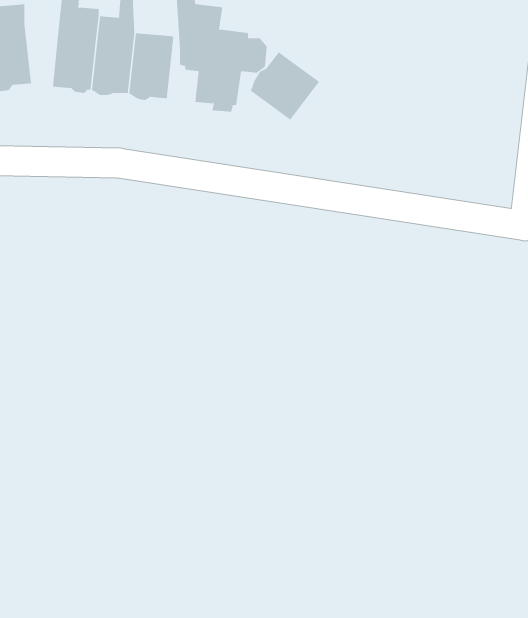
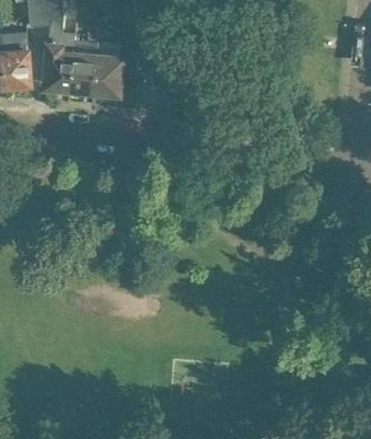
building: [250,51,320,120] -> none

